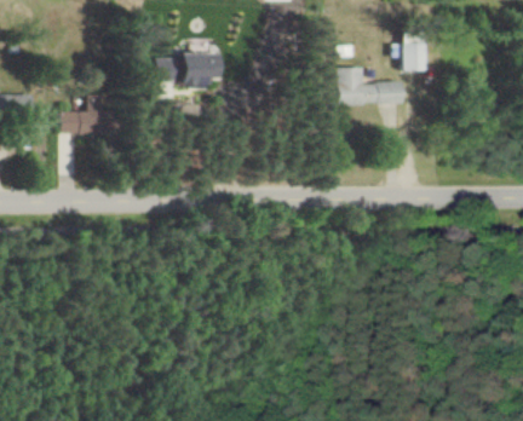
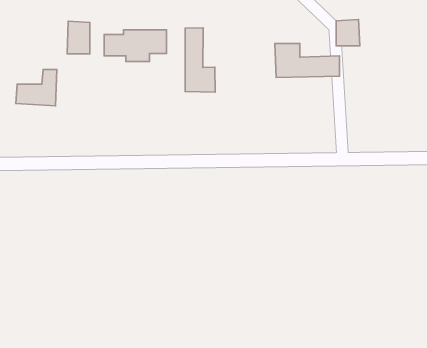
building: none -> [67,21,90,54]
building: none -> [185,28,215,92]

